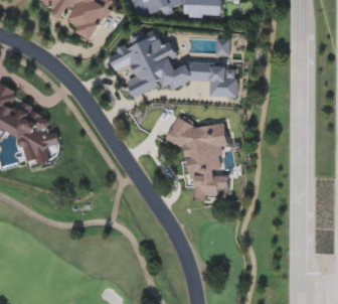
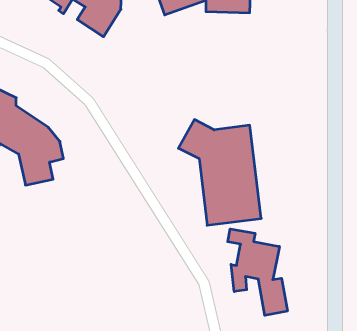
building: [109,29,237,97] -> none
building: none -> [228,229,287,315]

